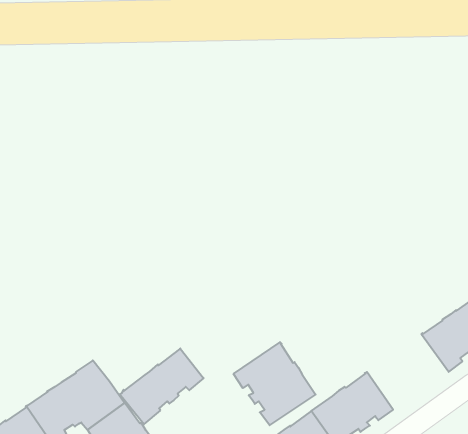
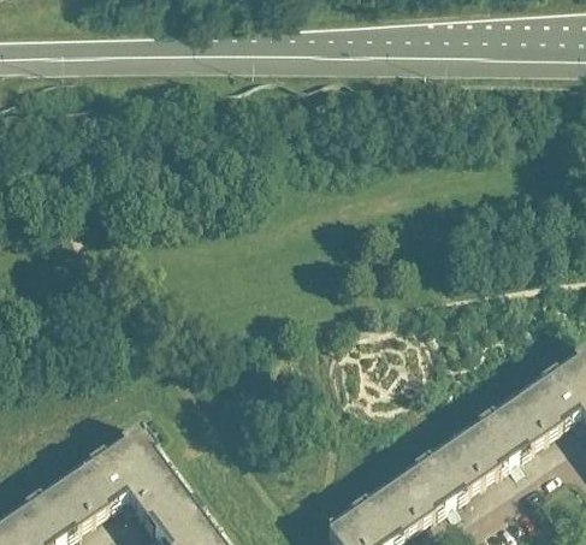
building: none -> [451,396,545,482]
building: [234,342,316,425] -> none
building: [120,348,204,424] -> none

